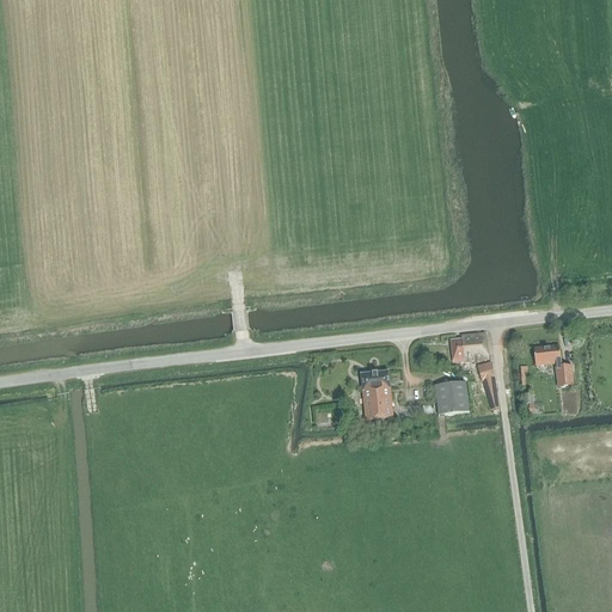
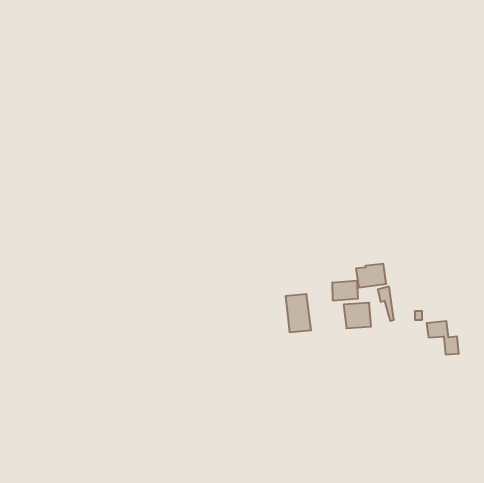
building: [532,344,573,386] -> [427,321,459,354]
building: none -> [332,281,358,301]

